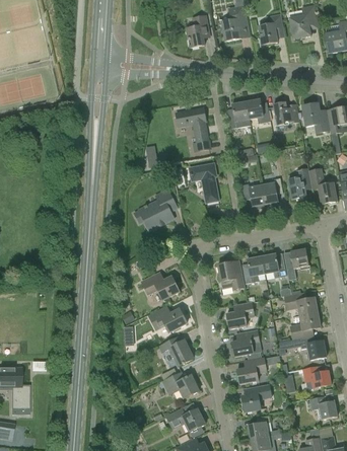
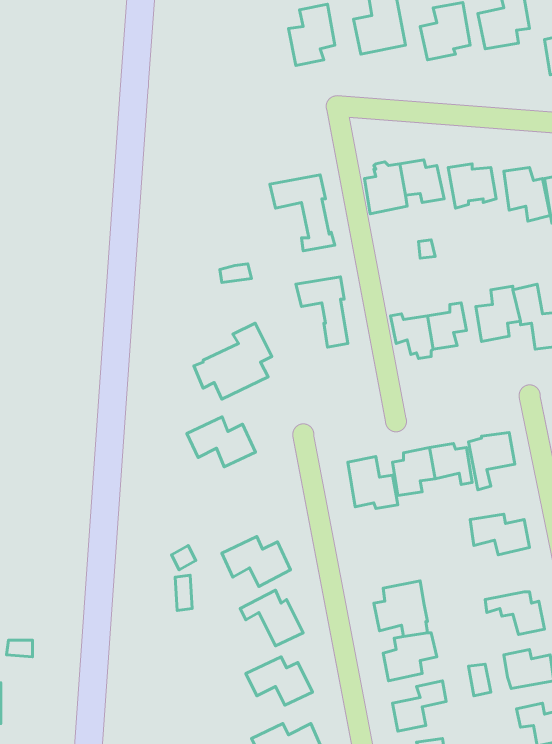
building: [142,272,180,299] -> [187,417,256,467]
building: [227,302,255,328] -> none
building: [290,311,321,340] -> none

